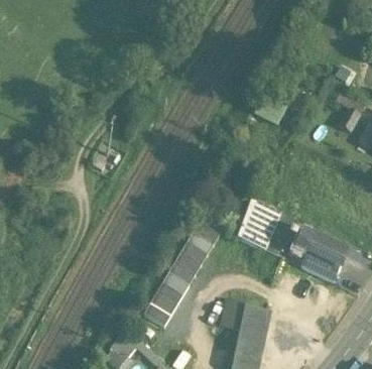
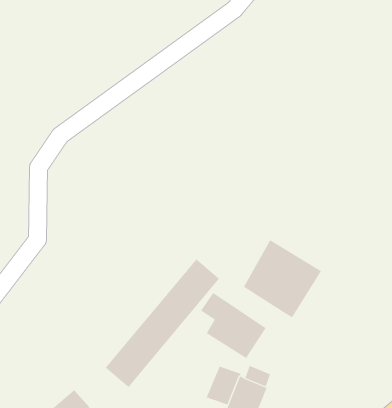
building: [293,235,345,280] -> [200,292,267,359]

